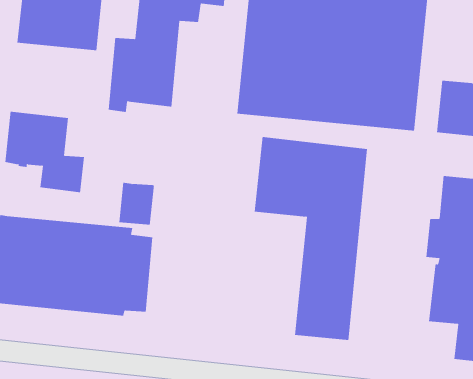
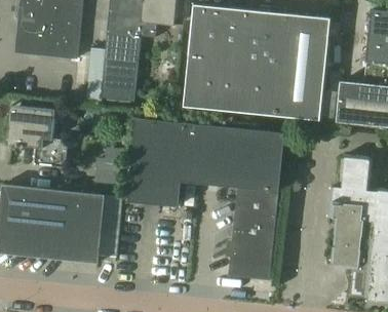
building: none -> [127,118,202,205]

